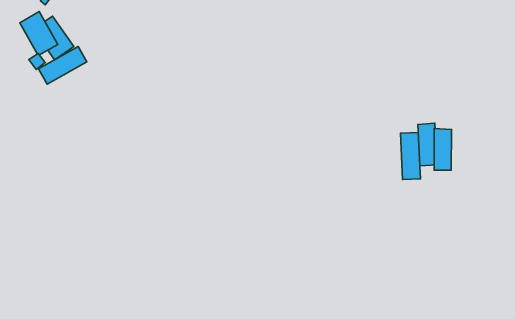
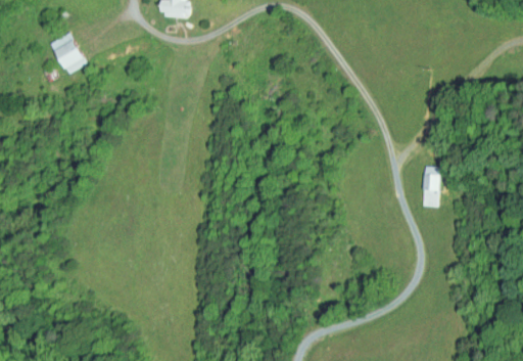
building: [39,46,87,84] -> none
building: [400,133,420,180] -> none

